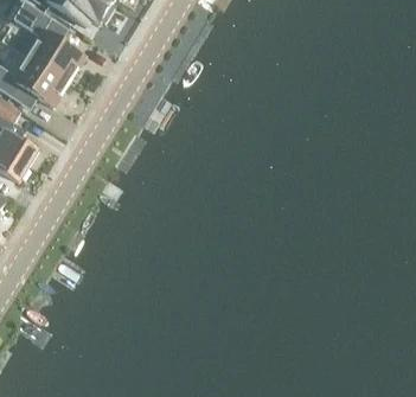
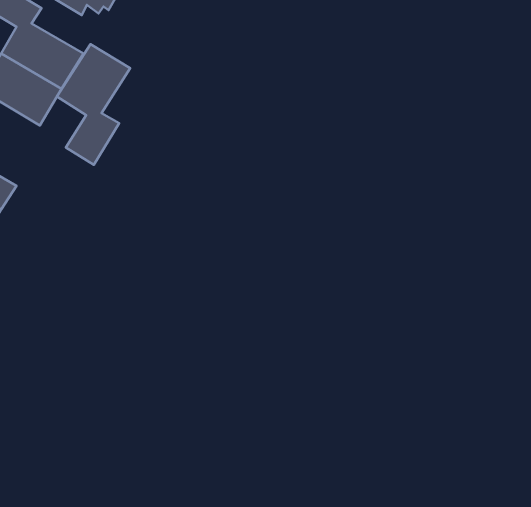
building: none -> [57,44,130,165]

